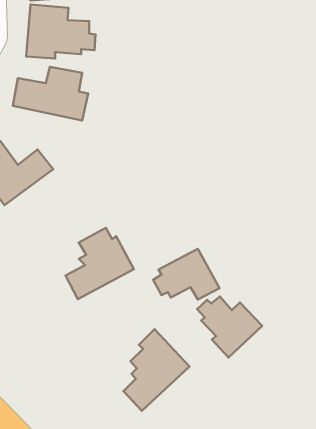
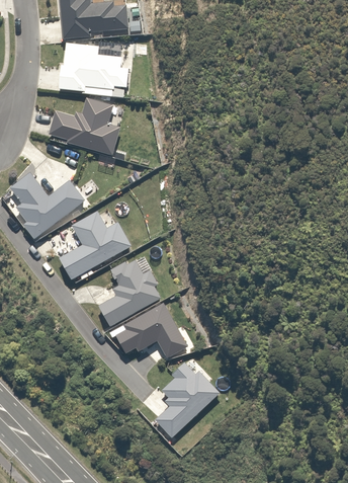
building: none -> [59,213,132,281]
building: [153,249,219,299] -> [117,306,182,355]
building: [197,296,262,358] -> none

